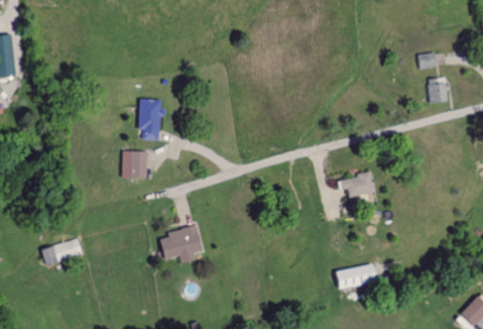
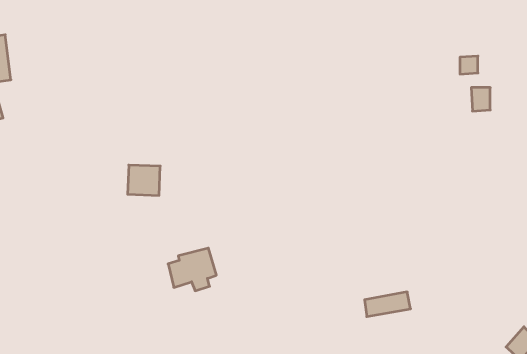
building: [137,99,160,139] -> none
building: [337,174,375,197] -> none
building: [40,238,86,265] -> none

